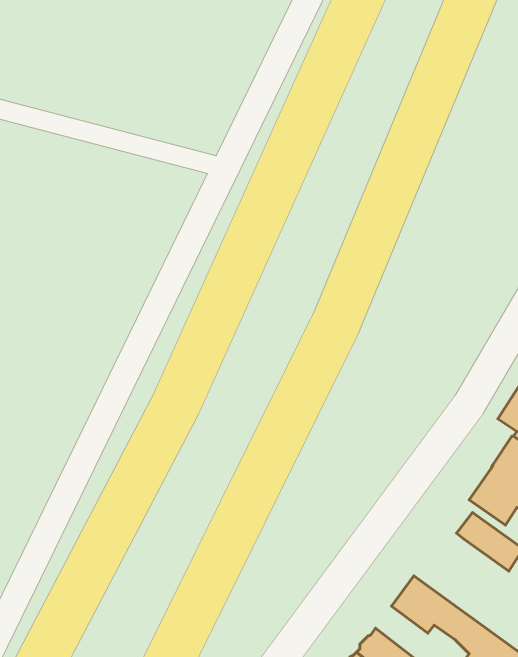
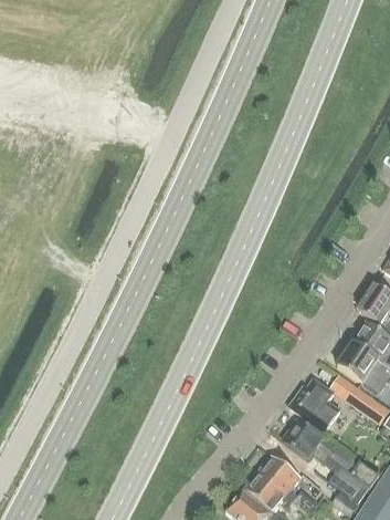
building: none -> [287,377,338,431]

